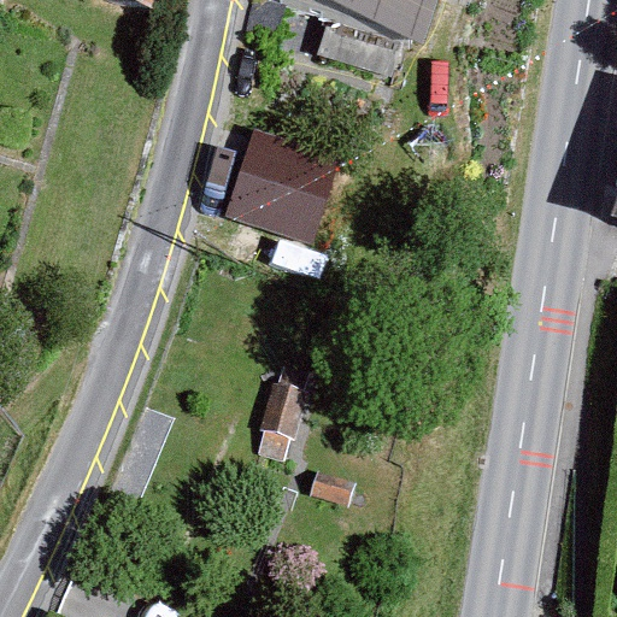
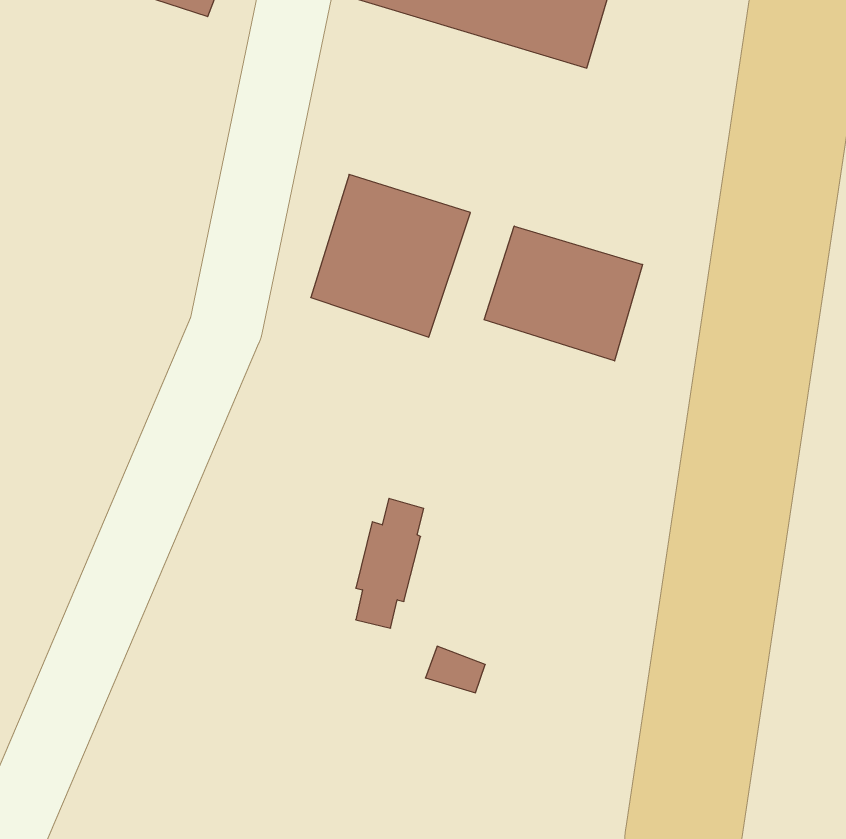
building: none -> [484,226,643,361]

